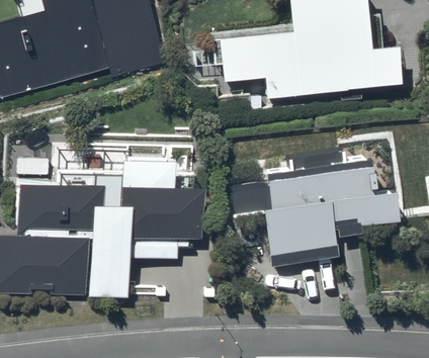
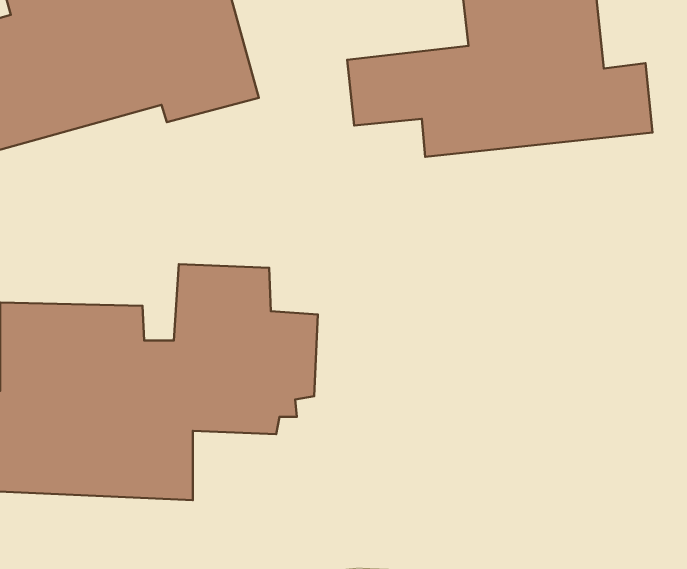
building: [260,158,394,268] -> none

